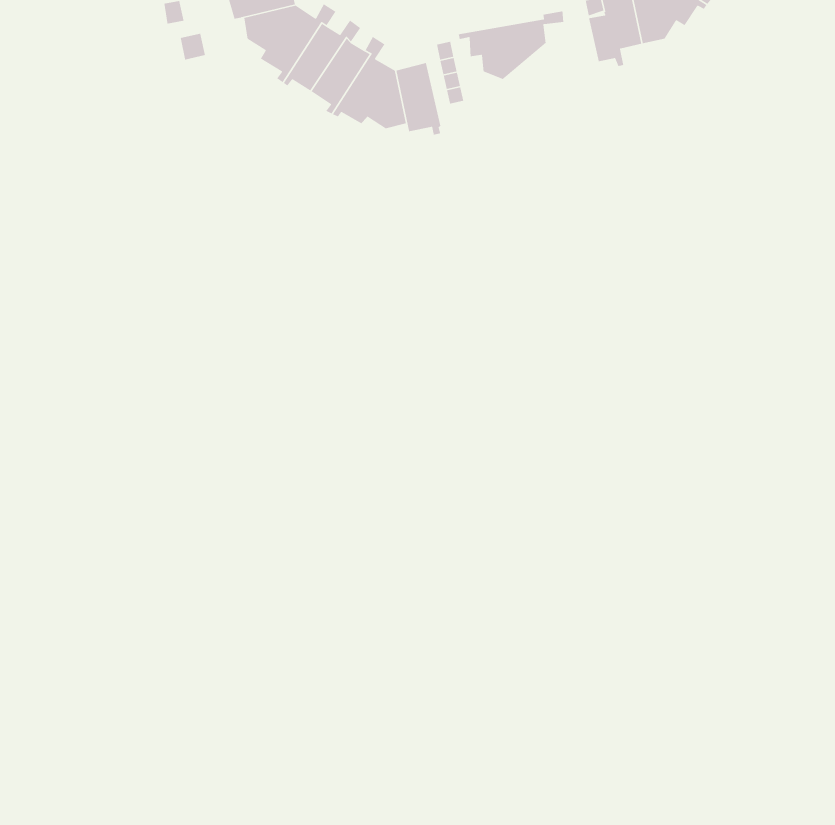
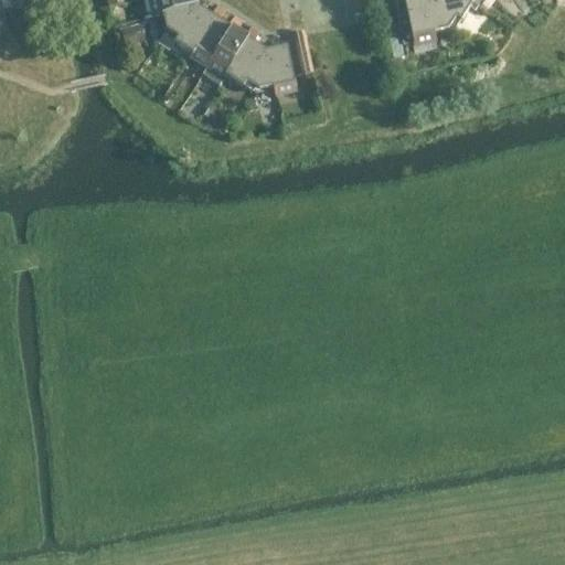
building: [458,10,564,81] -> none

